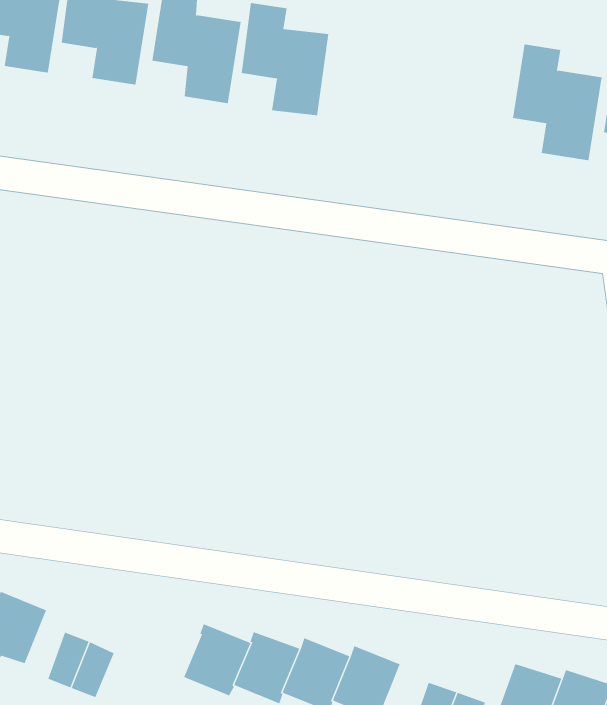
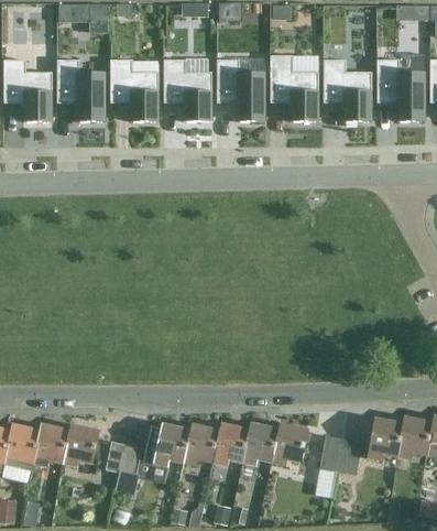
building: none -> [216,58,264,119]
building: none -> [269,54,317,120]
building: none -> [143,423,190,465]

